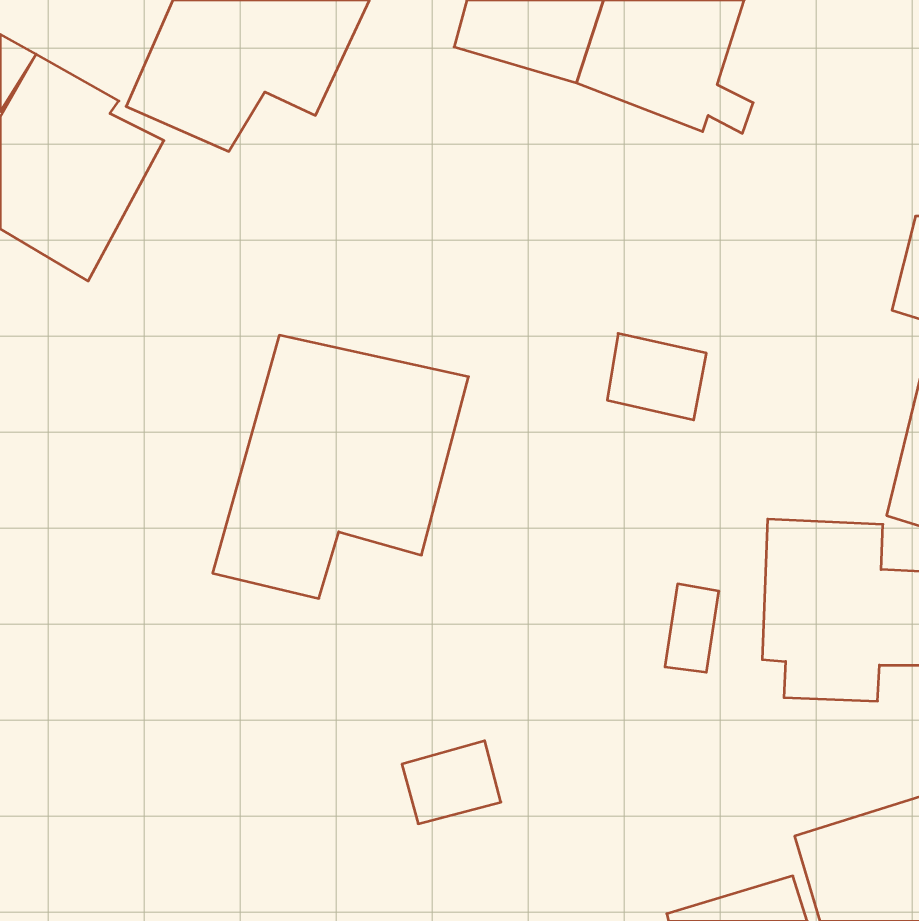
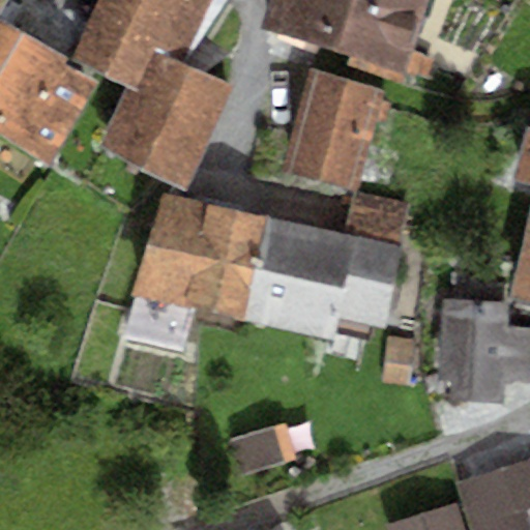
building: none -> [101,53,235,188]
building: none -> [285,69,391,185]
building: none -> [243,216,402,341]

